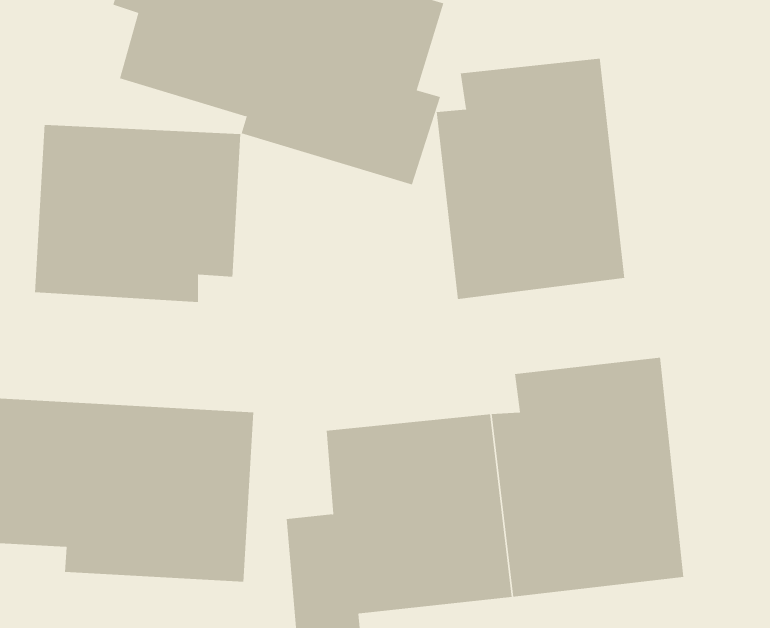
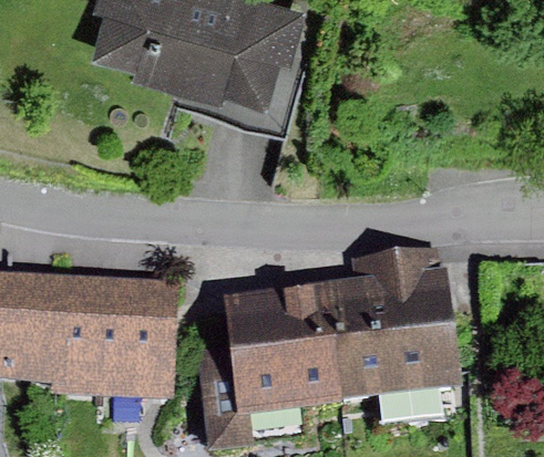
building: [436,58,625,300] -> none
building: [34,124,241,303] -> none

